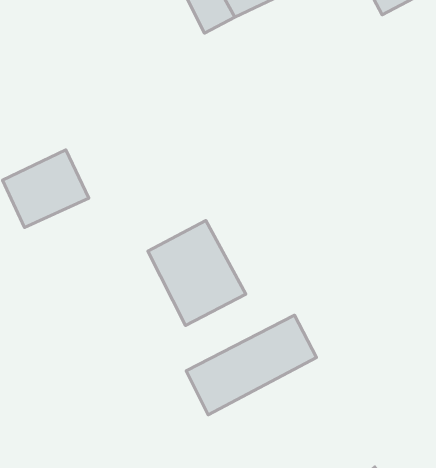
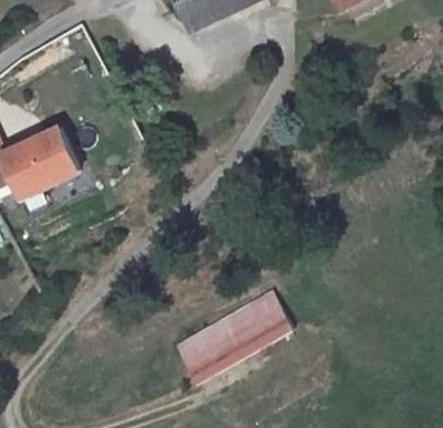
building: [148,220,246,325] -> none

